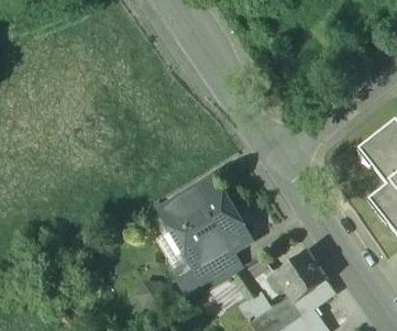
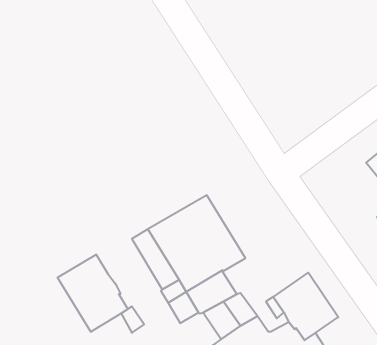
building: none -> [58,254,128,332]

